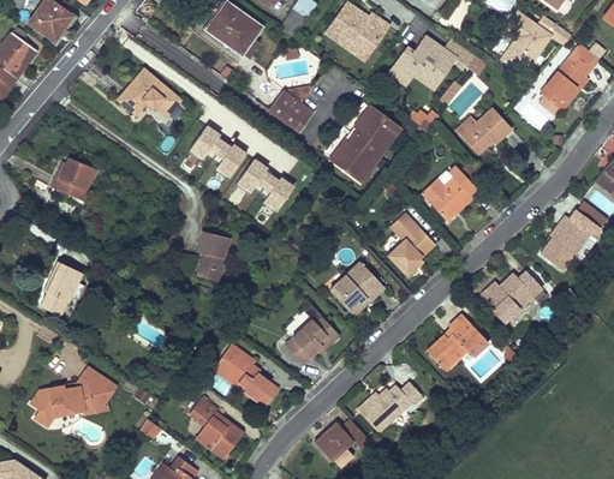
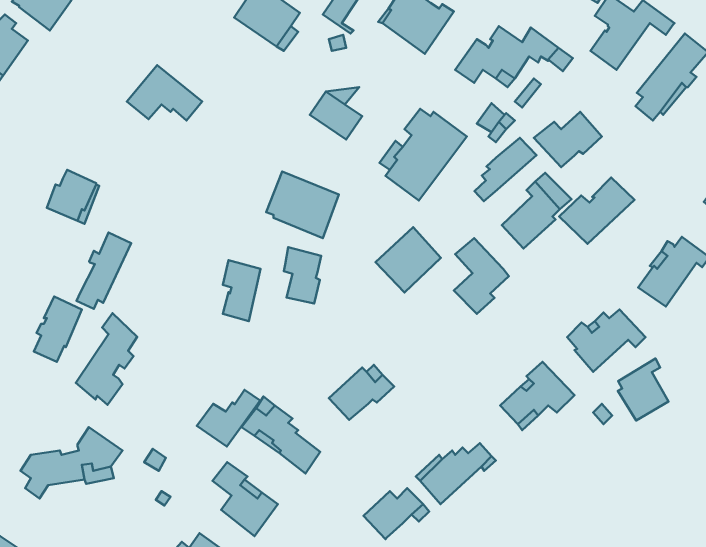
building: [186,122,248,179] -> none
building: none -> [475,138,536,201]
building: none -> [559,177,635,244]
building: none -> [76,233,131,309]
building: none -> [284,247,321,304]
building: [329,262,383,316] -> [376,227,441,293]
building: none -> [76,313,137,405]
building: none -> [618,359,669,421]
building: none -> [197,390,260,446]

